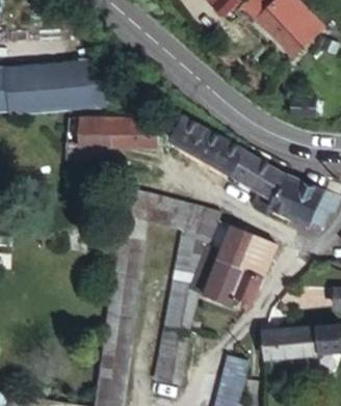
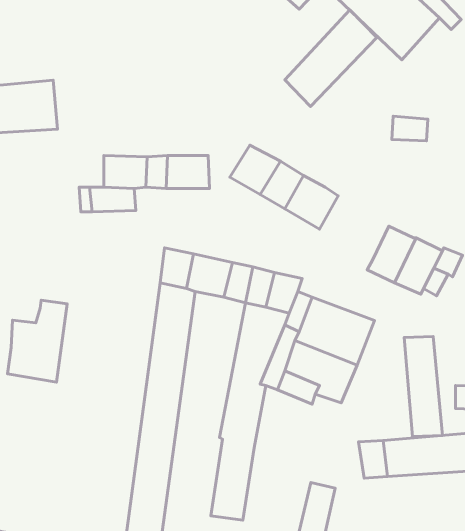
building: none -> [285,10,377,106]
building: [44,64,106,110] -> none
building: [235,154,285,199] -> none
building: none -> [7,300,67,382]
building: none -> [404,336,443,437]

